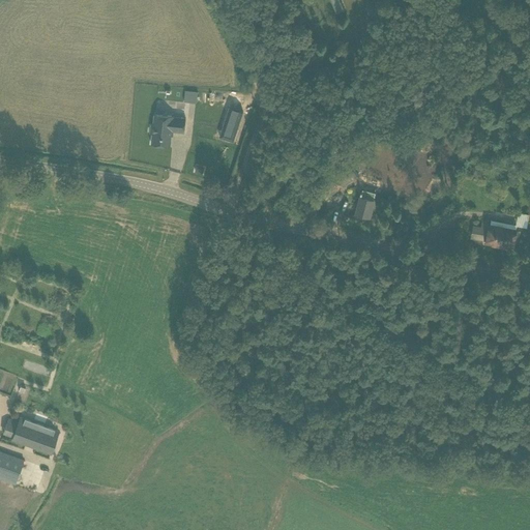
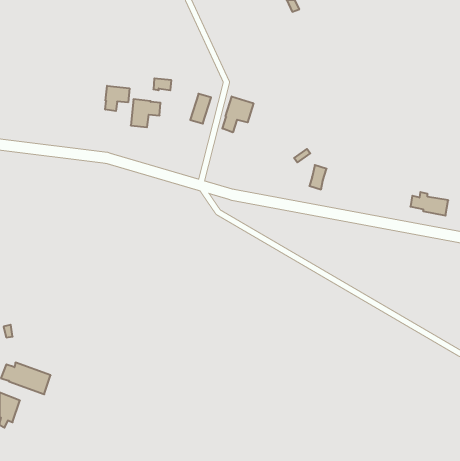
building: none -> [105,86,129,111]
building: none -> [222,96,253,132]

